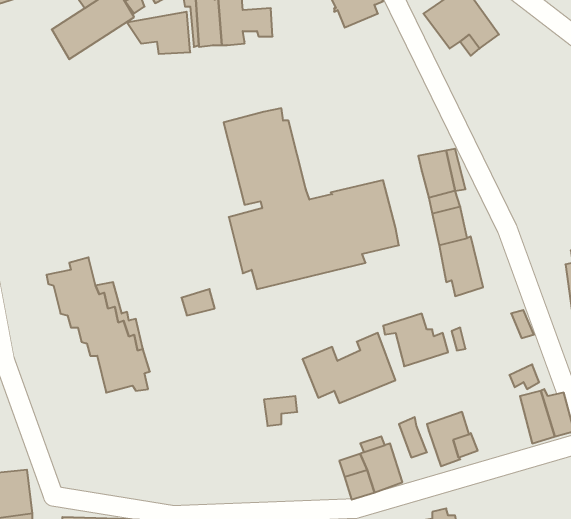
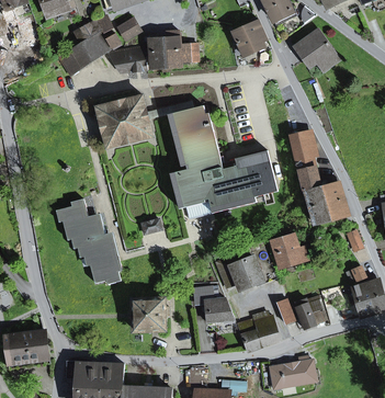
building: none -> [97,95,192,147]
building: none -> [321,181,348,217]
building: none -> [203,298,234,322]
building: none -> [133,299,168,330]

